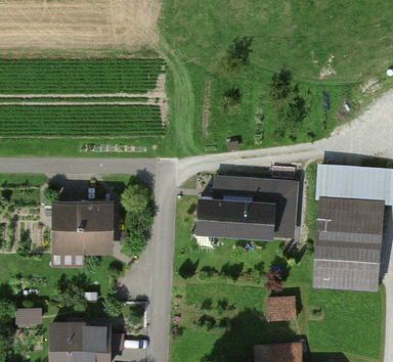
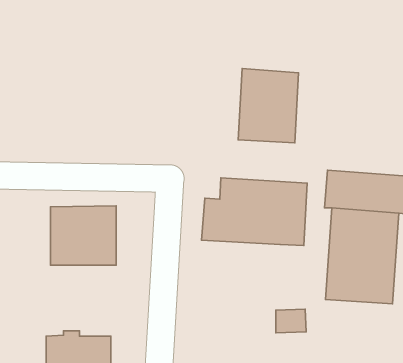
building: none -> [238,68,299,143]

